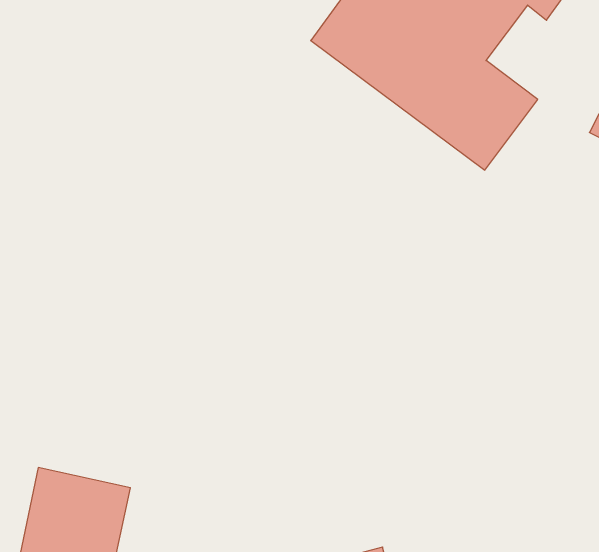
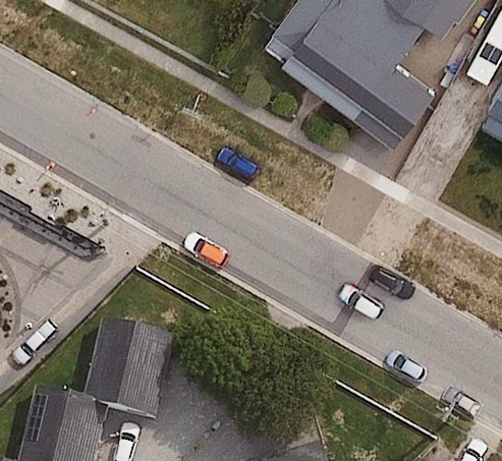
building: none -> [82,319,175,416]

